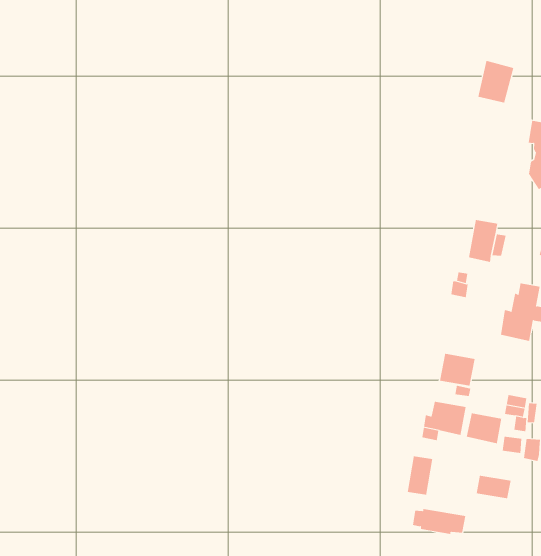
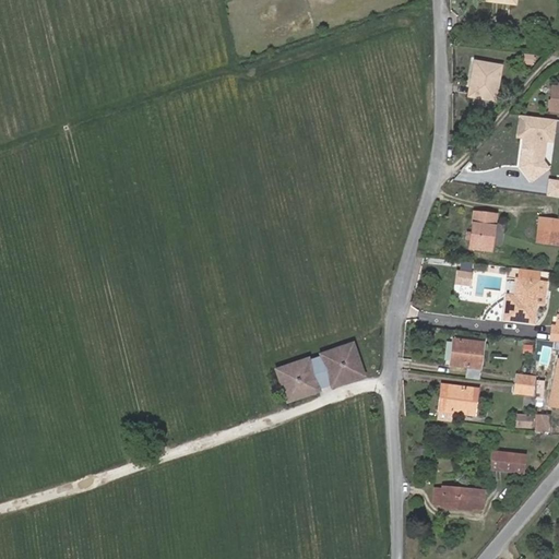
building: none -> [276,343,365,401]
building: [466,412,502,444] -> none
building: [407,456,433,495] -> none

